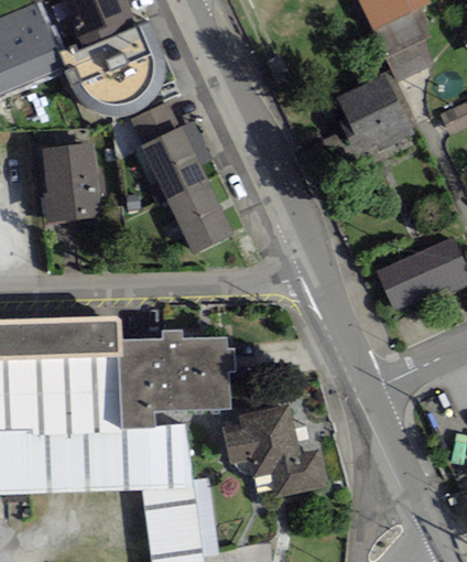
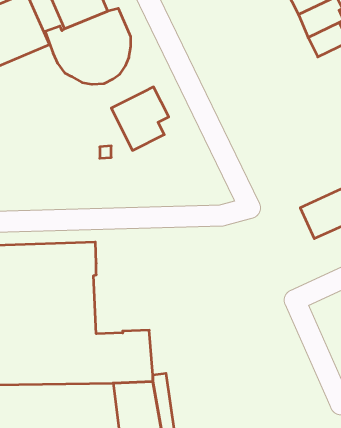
building: [337,75,413,151] -> none
building: [129,101,180,145] -> none
building: [43,143,101,224] -> none
building: [166,180,234,253] -> none
building: [121,329,236,429] -> none
building: [221,404,328,497] -> none

